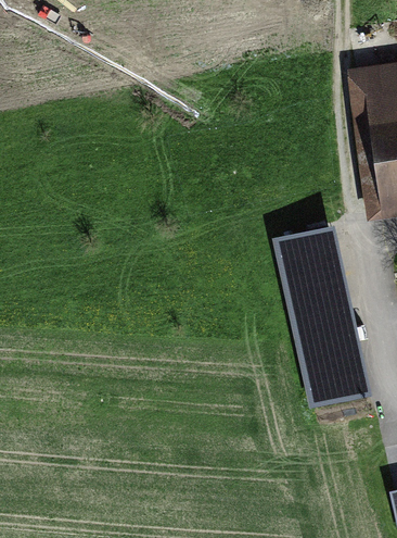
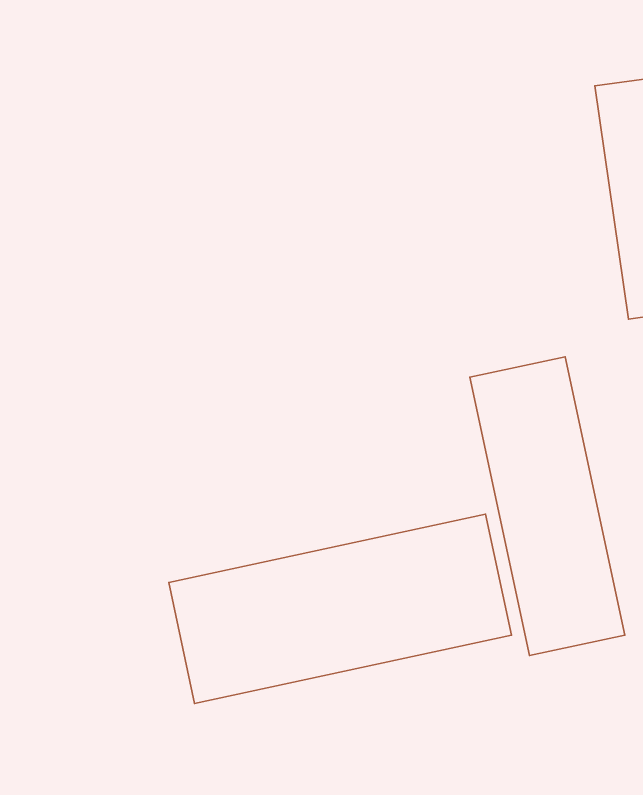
building: none -> [169,514,511,703]

